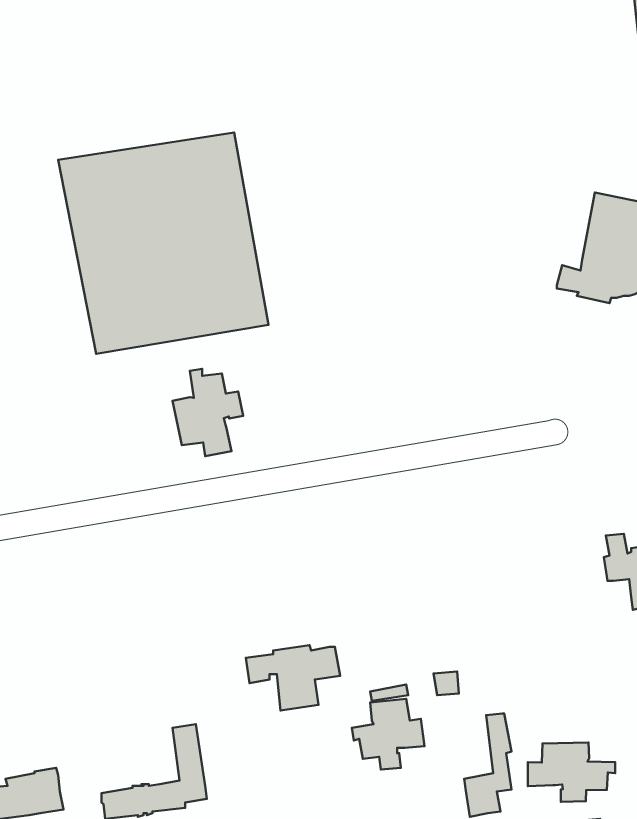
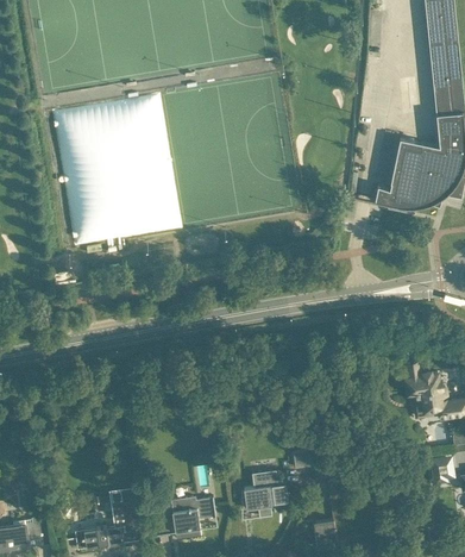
building: [173,369,243,456] -> none
building: [246,645,340,710] -> [153,496,215,539]
building: [528,743,615,802] -> none

